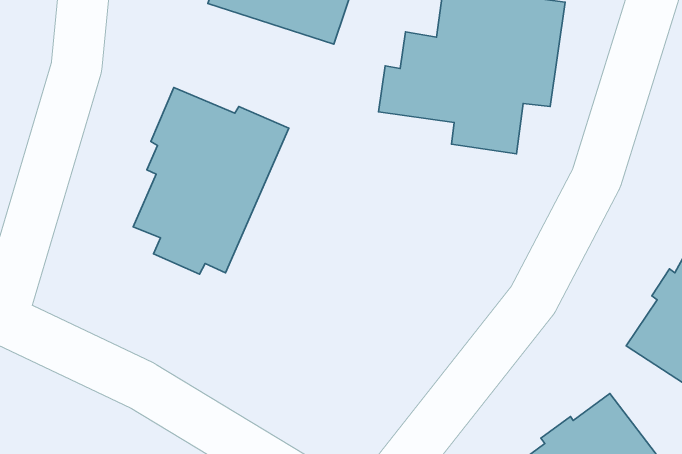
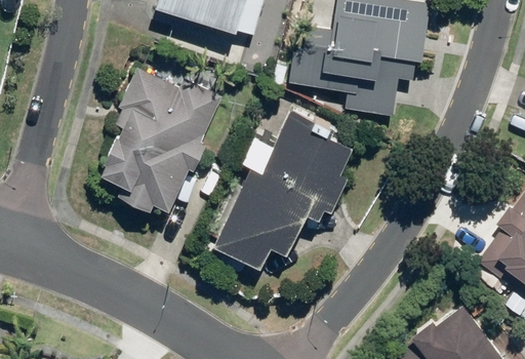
building: none -> [215,112,358,266]

